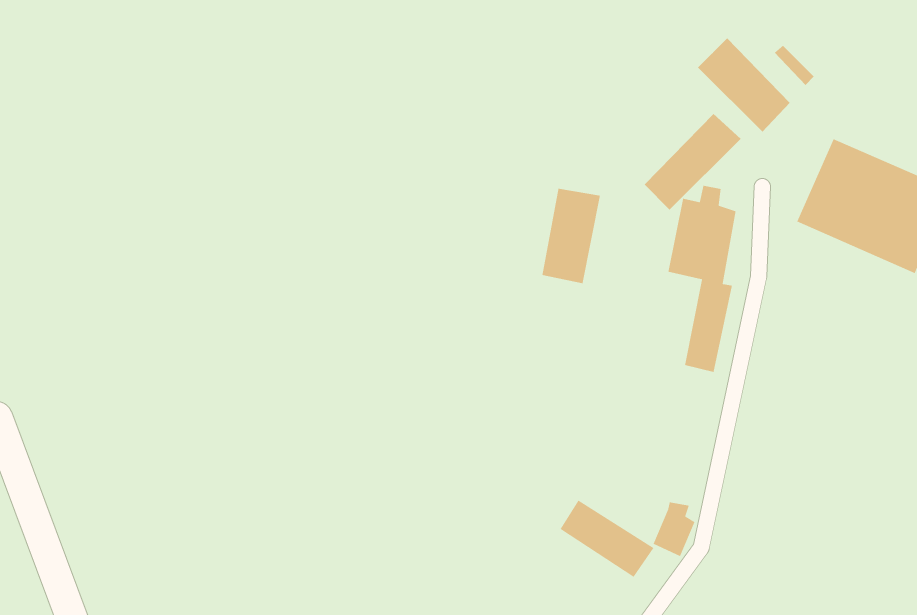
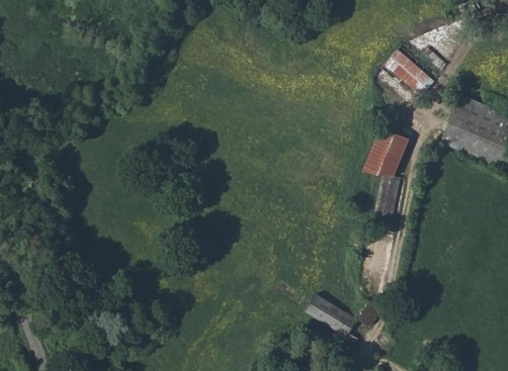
building: [644,113,741,211] -> none
building: [542,188,601,284] -> none

